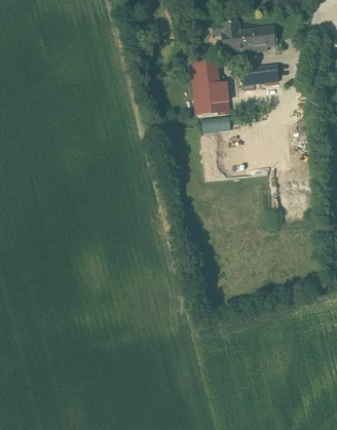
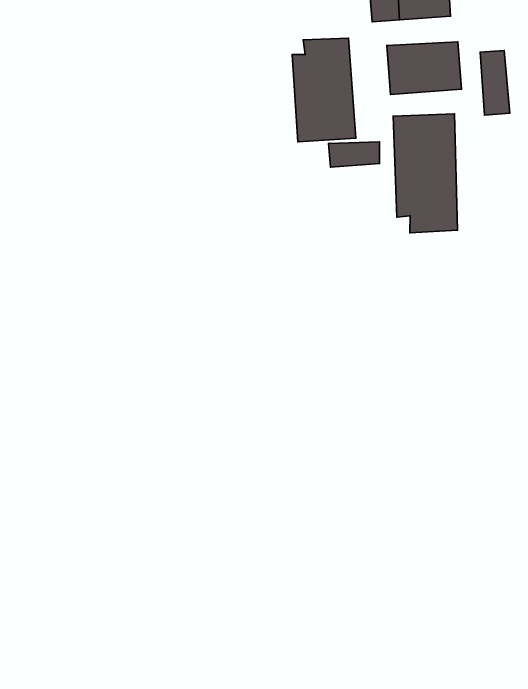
building: none -> [480,51,510,115]
building: none -> [393,114,458,233]

